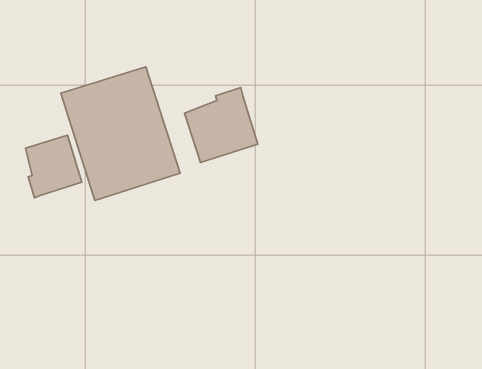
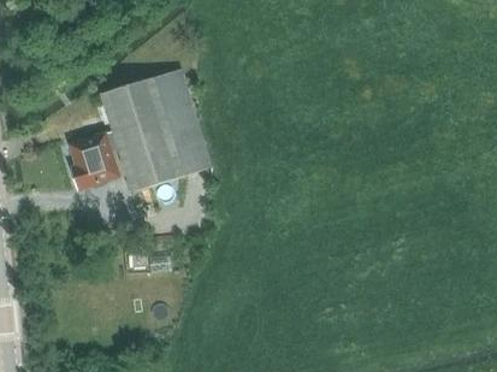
building: [185,88,258,163] -> none

